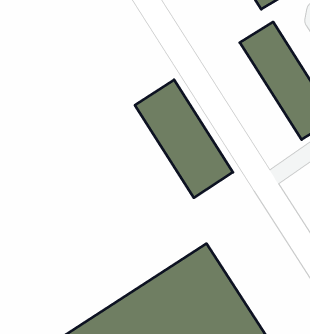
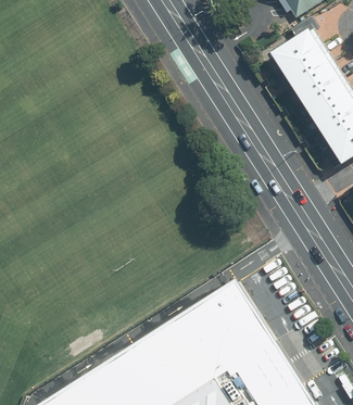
building: [135,80,233,198] -> none

